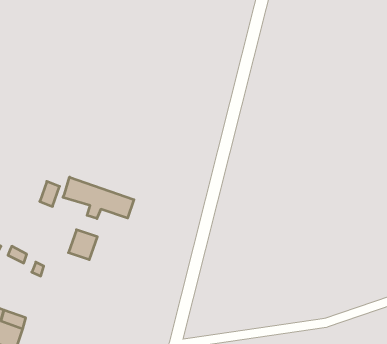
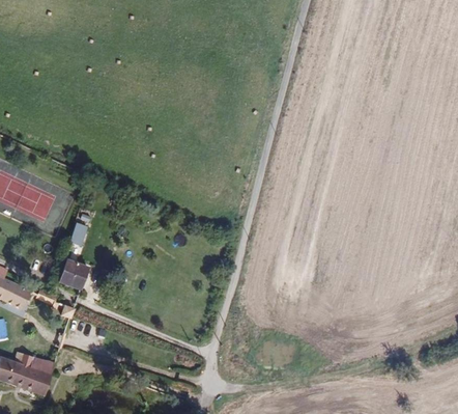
building: [63,177,134,219] -> none
building: [68,230,97,260] -> [59,258,89,289]

